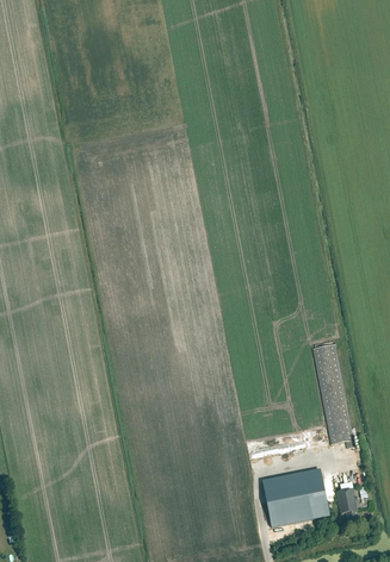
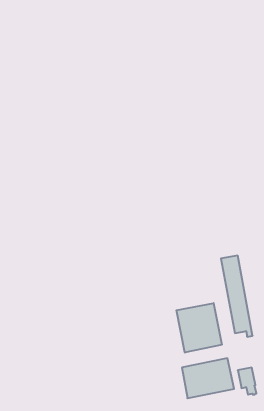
building: none -> [176,303,222,353]

